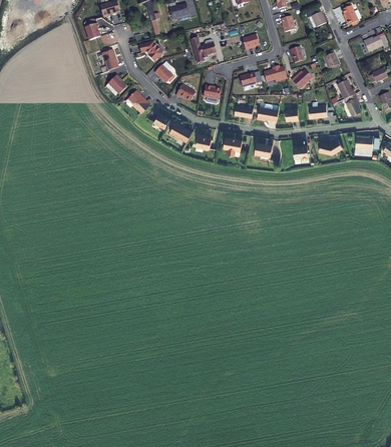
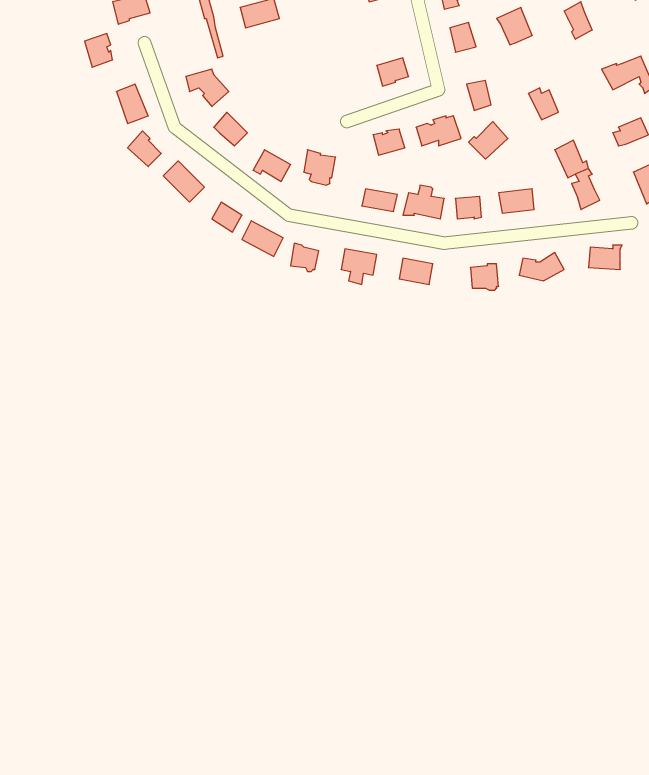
building: [190,36,217,62] -> none

